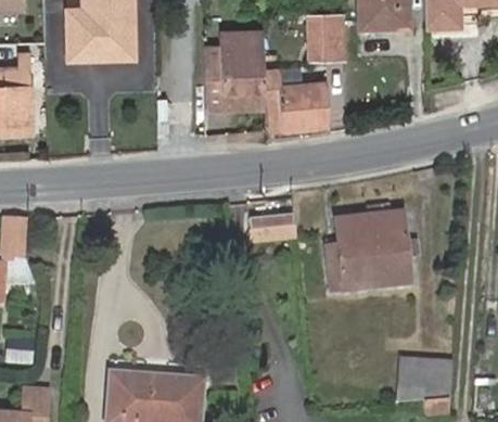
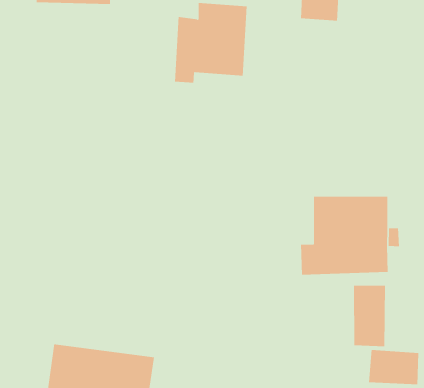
building: [263,82,328,128] -> none
building: [247,216,293,240] -> none
building: none -> [354,285,386,347]

